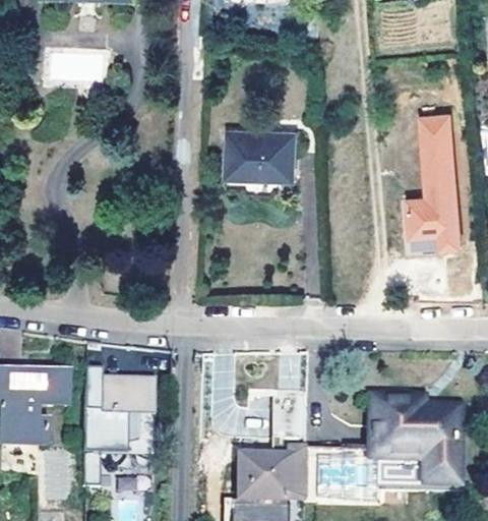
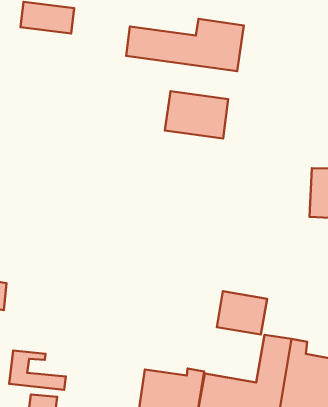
building: none -> [126,19,244,71]
building: none -> [217,291,267,335]
building: [99,378,154,439] -> none

